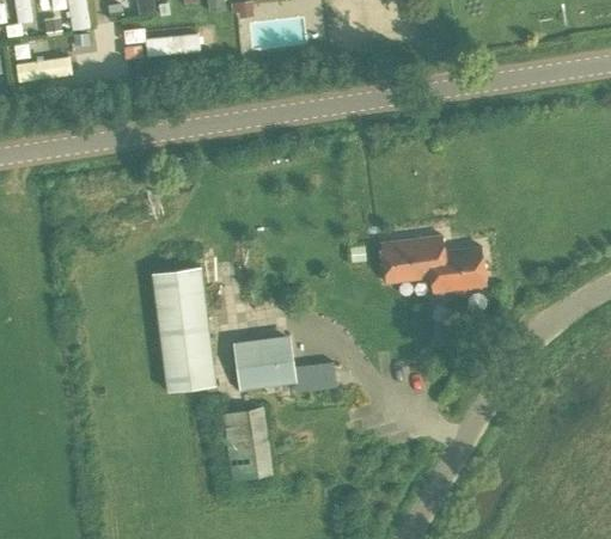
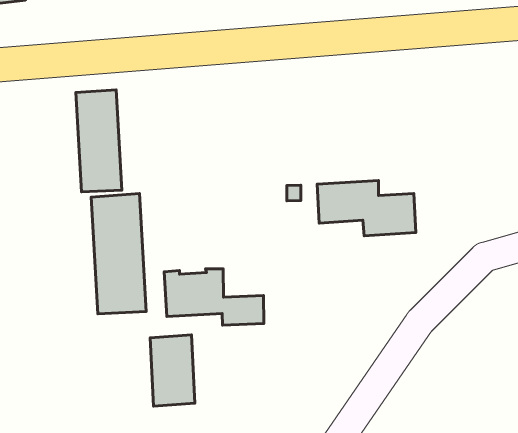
building: none -> [76,90,122,192]

